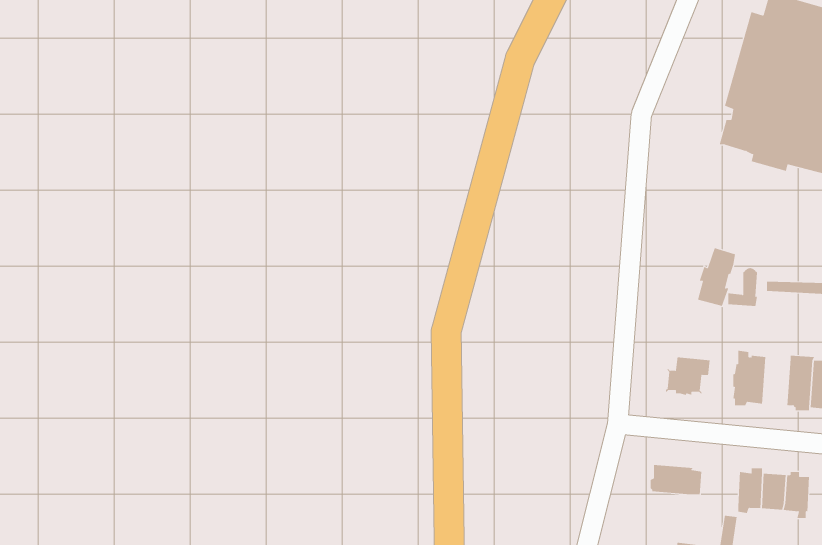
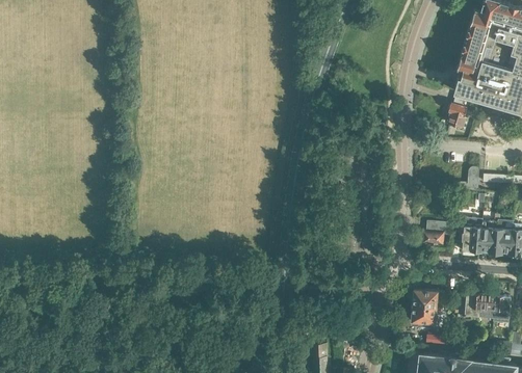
building: [697,248,736,306] -> [447,94,471,130]
building: none -> [480,224,498,257]
building: none -> [411,308,440,328]

